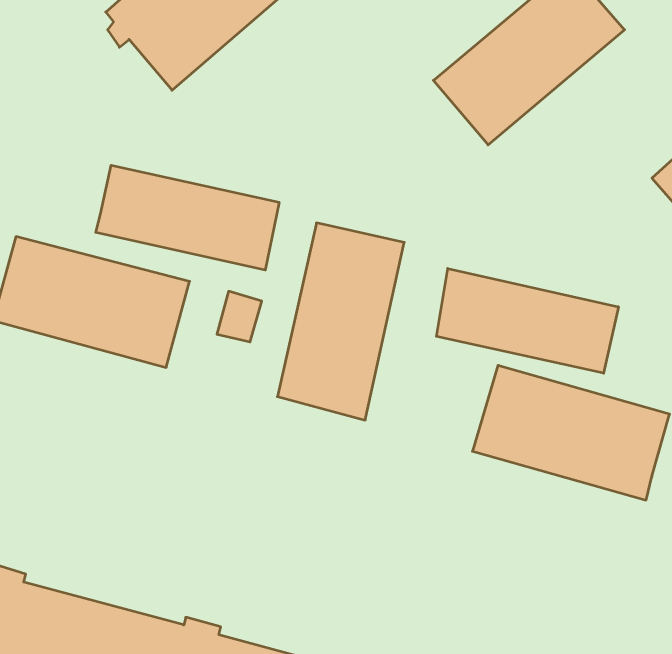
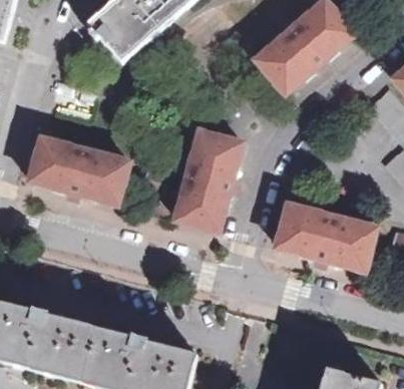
building: [96,165,279,270] -> none
building: [436,268,618,373] -> none

